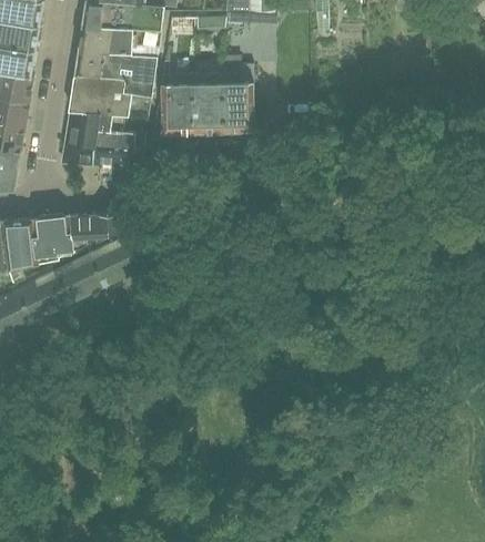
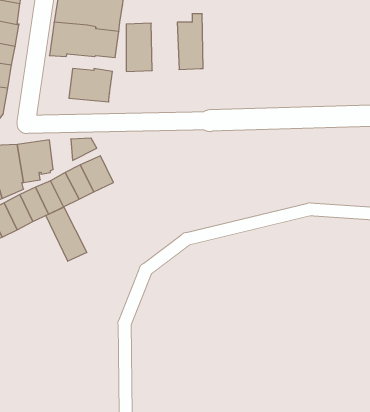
building: [191,73,224,131] -> none
building: [61,111,123,164] -> none
building: [69,213,97,249] -> none
building: none -> [46,207,87,261]

